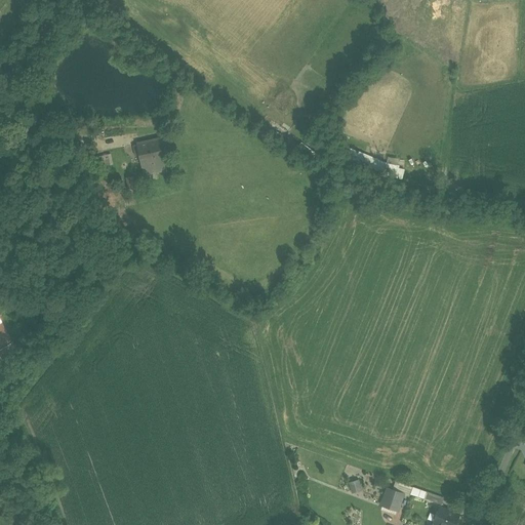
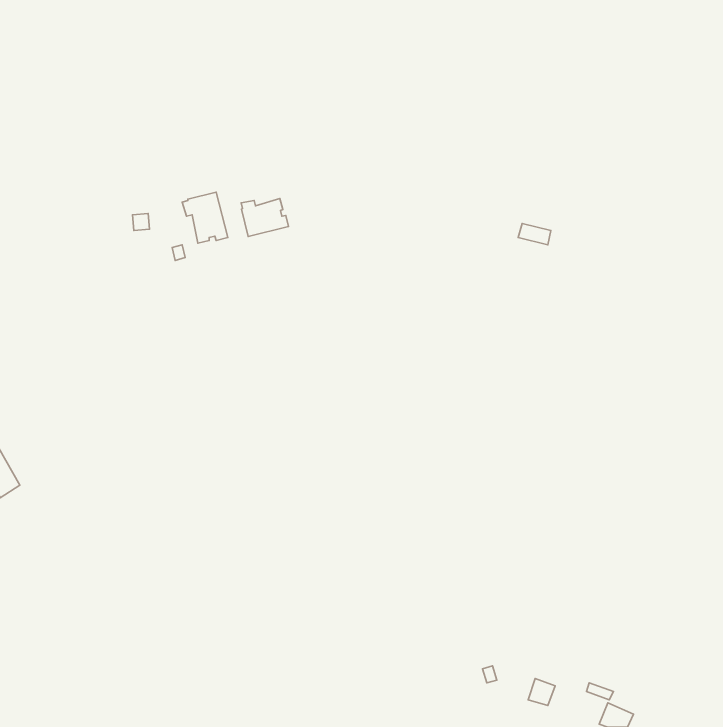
building: none -> [241,198,289,237]

